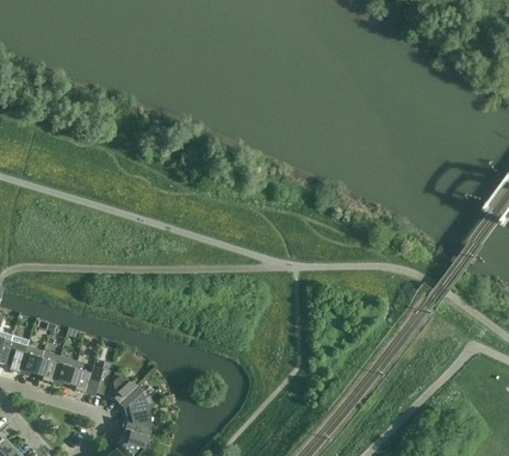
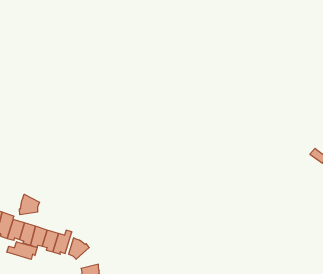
building: none -> [19,194,39,215]
building: none -> [7,242,37,259]
building: [118,386,150,416] -> none

